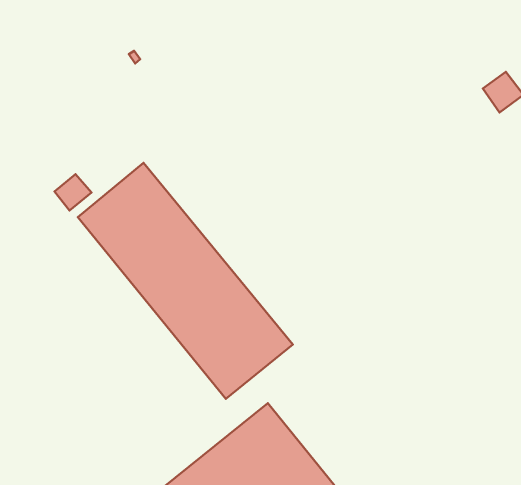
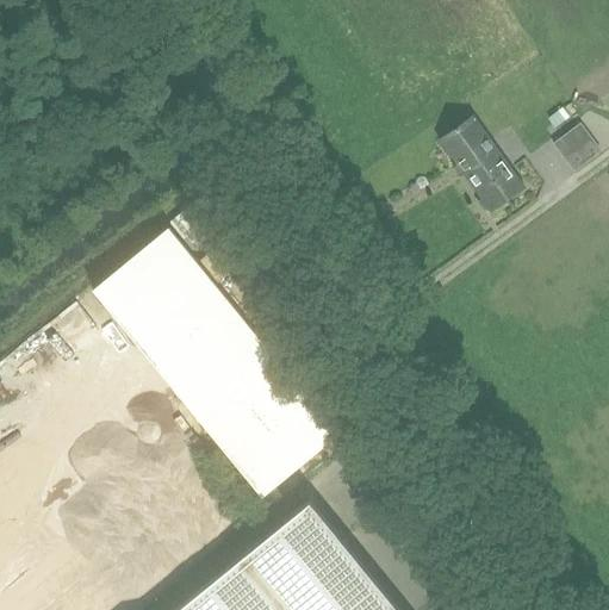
building: none -> [440,117,524,212]
building: [55,174,92,211] -> none

